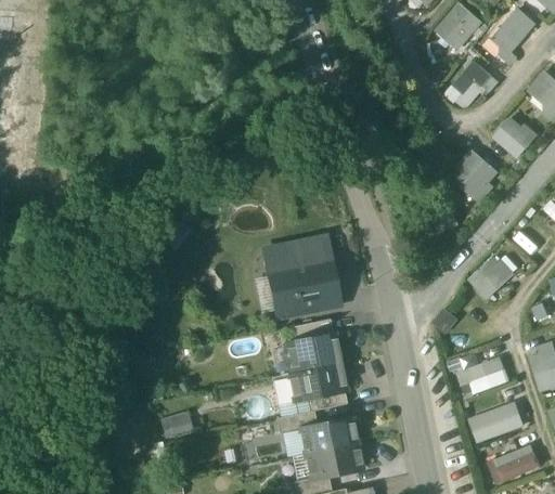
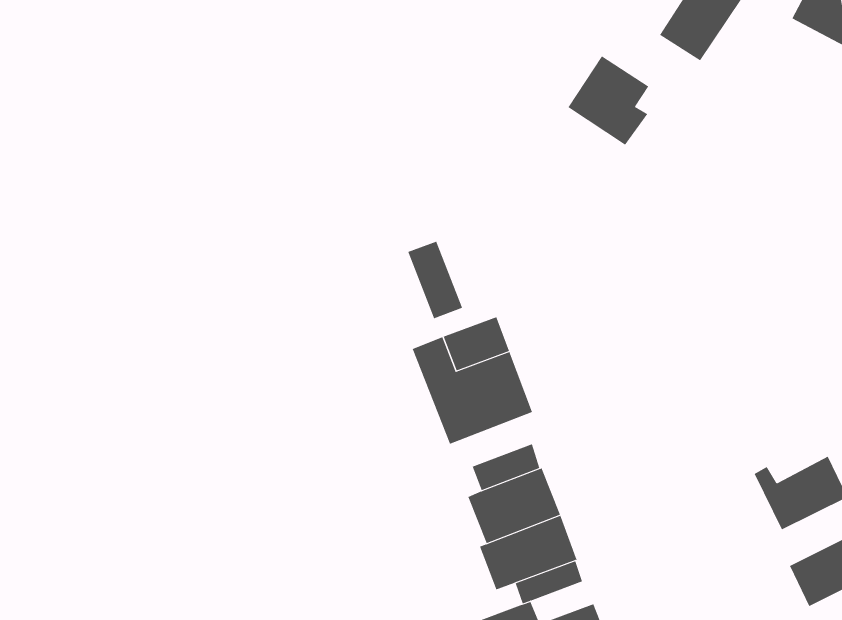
building: [493,115,537,158] -> none
building: [448,147,498,203] -> [568,55,649,146]
building: none -> [408,241,463,319]
building: [467,255,515,299] -> none

